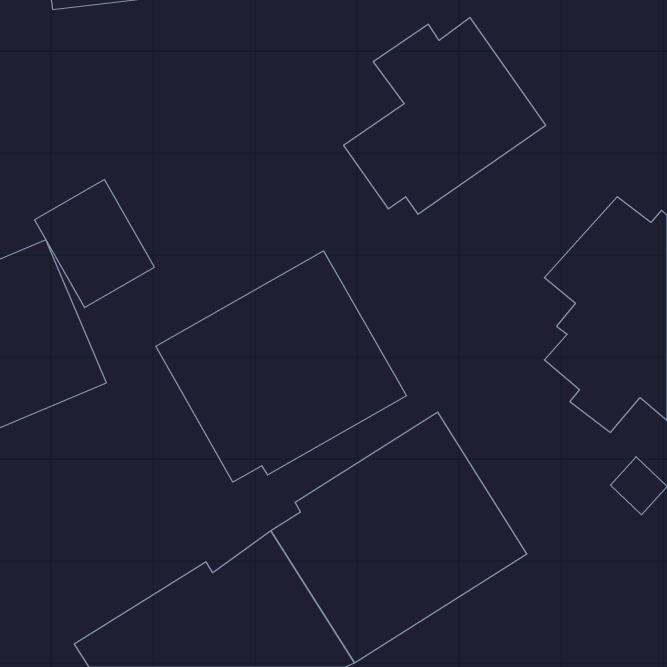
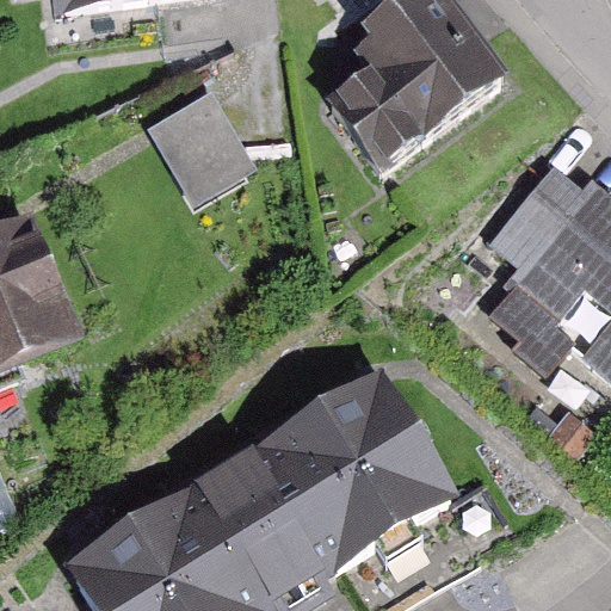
building: [34,180,154,308] -> [153,86,259,199]
building: [156,251,407,482] -> none

